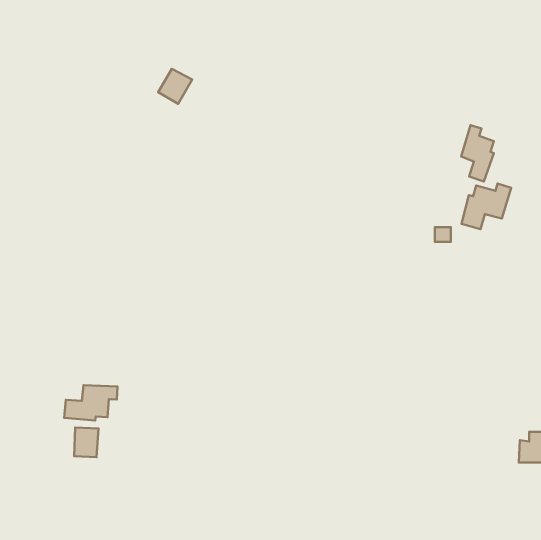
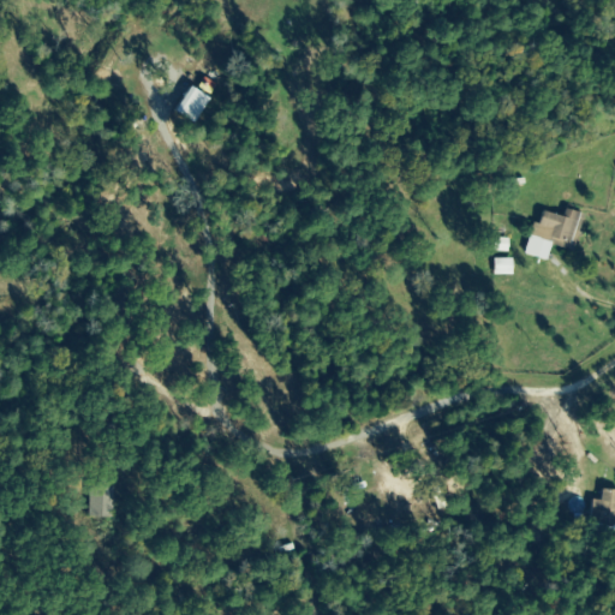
building: [461,125,494,181] -> none
building: [64,385,117,420] -> none

